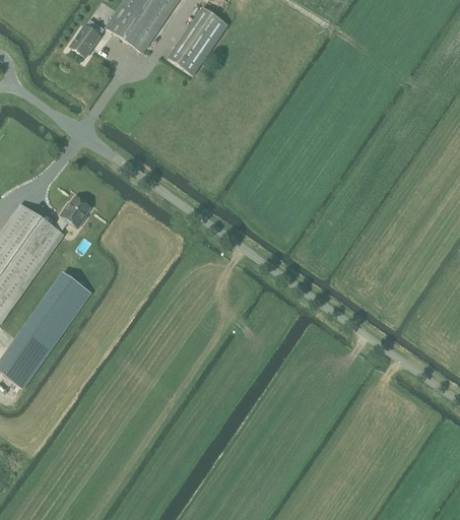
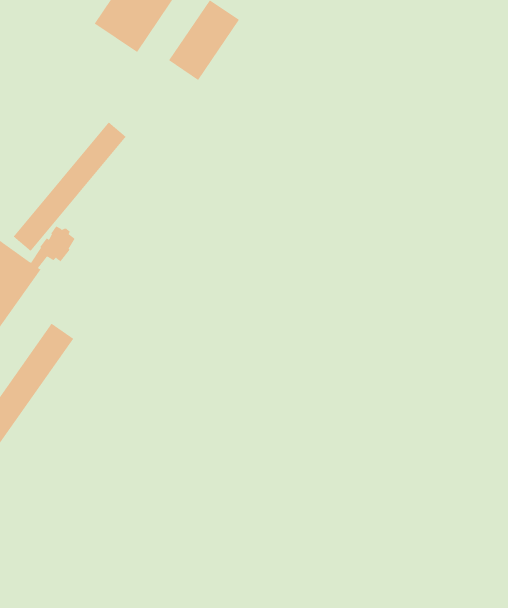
building: [70,25,100,57] -> none
building: none -> [13,121,126,252]

